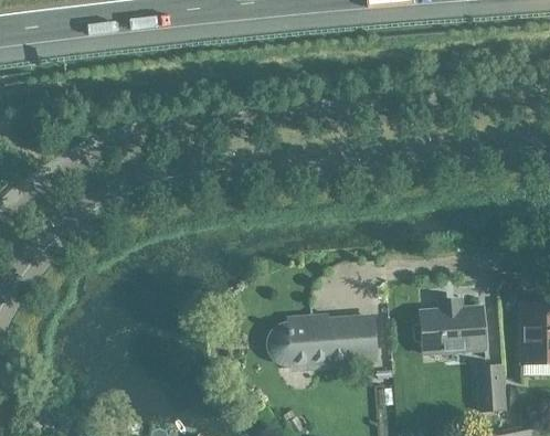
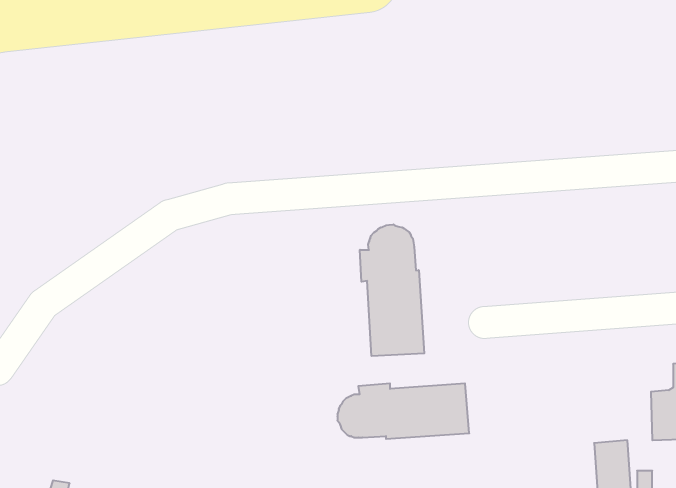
building: none -> [360,224,424,356]
building: [415,300,486,352] -> none

